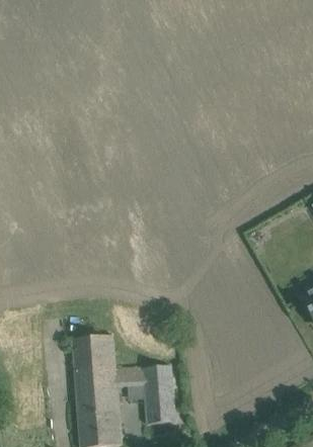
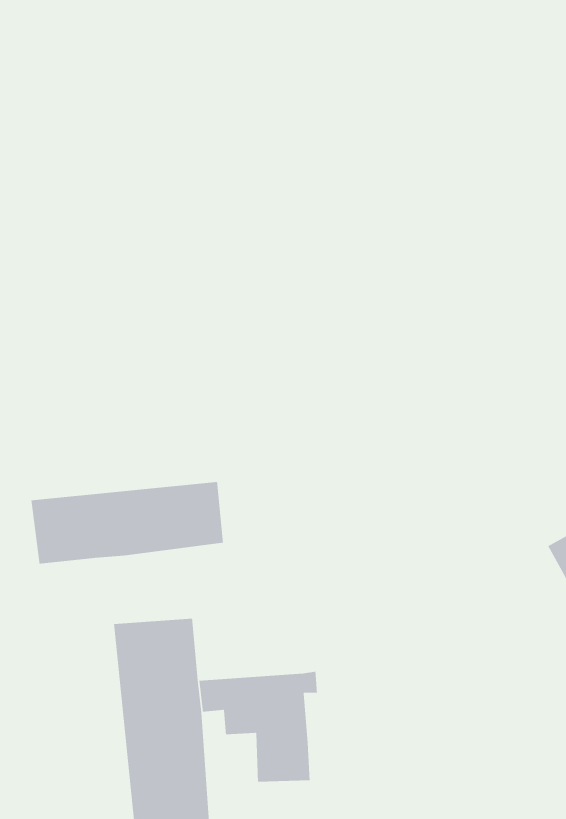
building: none -> [30,481,224,565]

